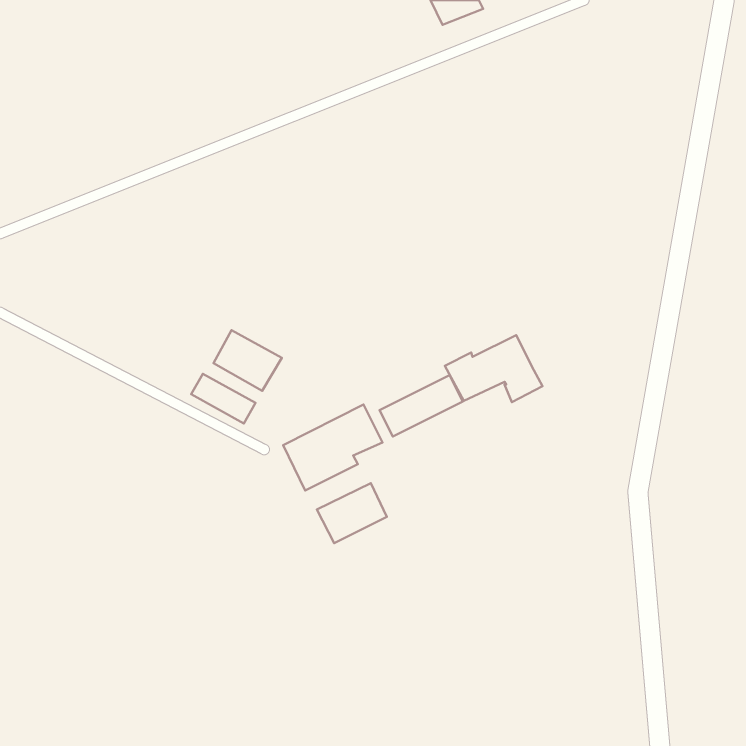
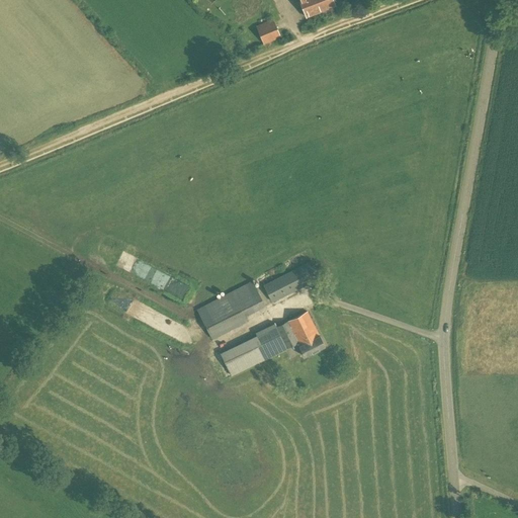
building: none -> [255,18,281,45]
building: [213,330,282,391] -> none
building: [445,335,543,402] -> [257,311,325,357]

